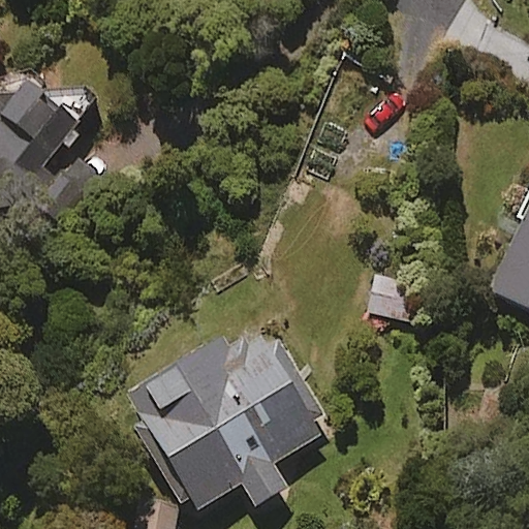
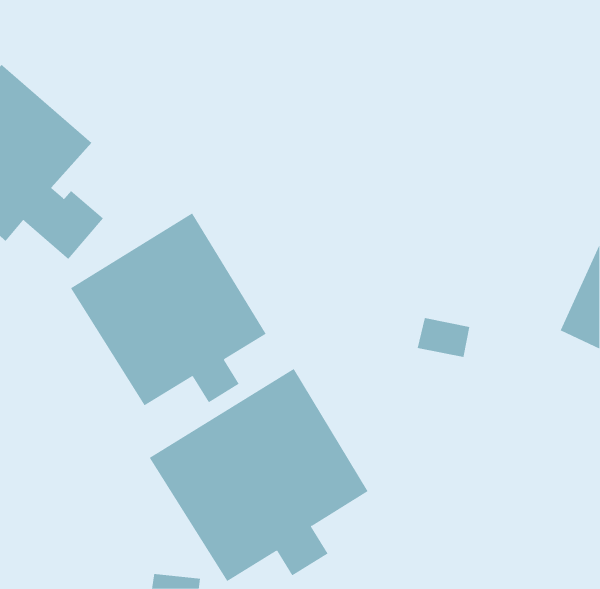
building: none -> [70,213,266,406]

